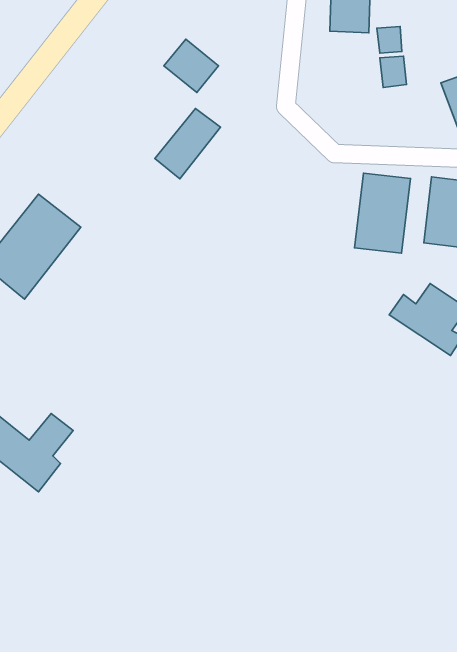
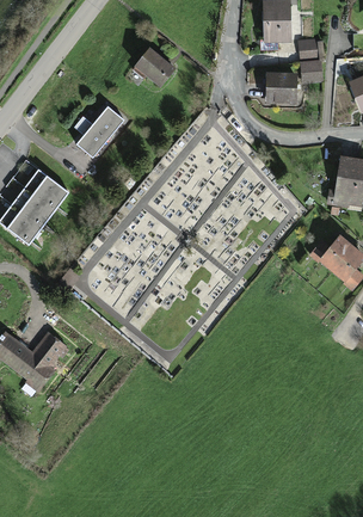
building: none -> [265,72,295,104]
building: [155,109,221,179] -> [76,104,127,158]
building: [355,173,411,253] -> none

